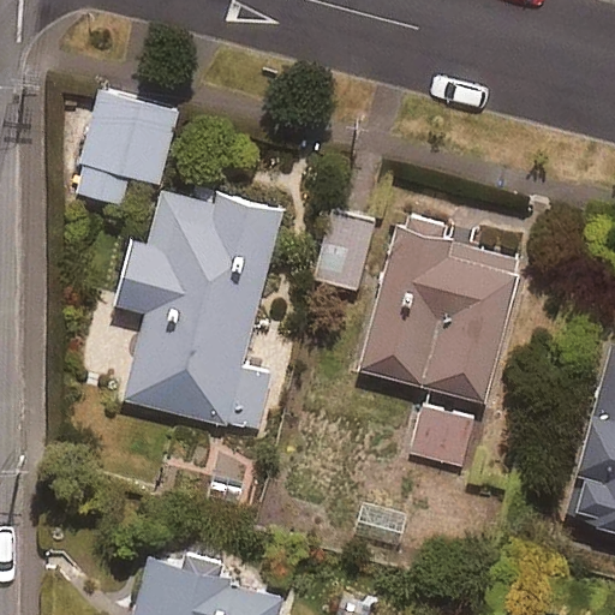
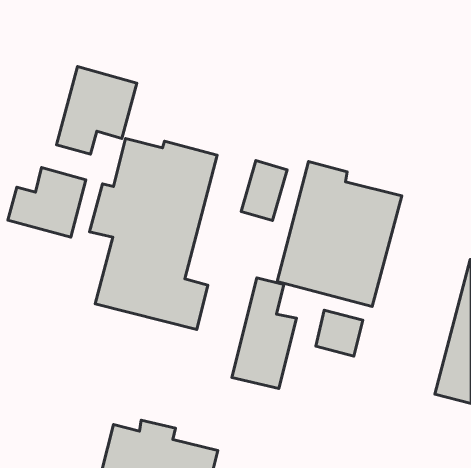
building: none -> [8,168,86,237]
building: none -> [232,278,297,389]

